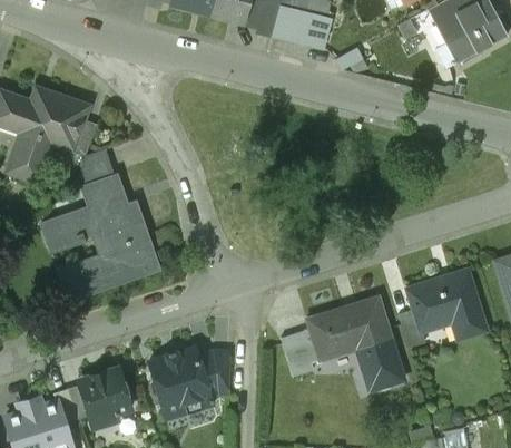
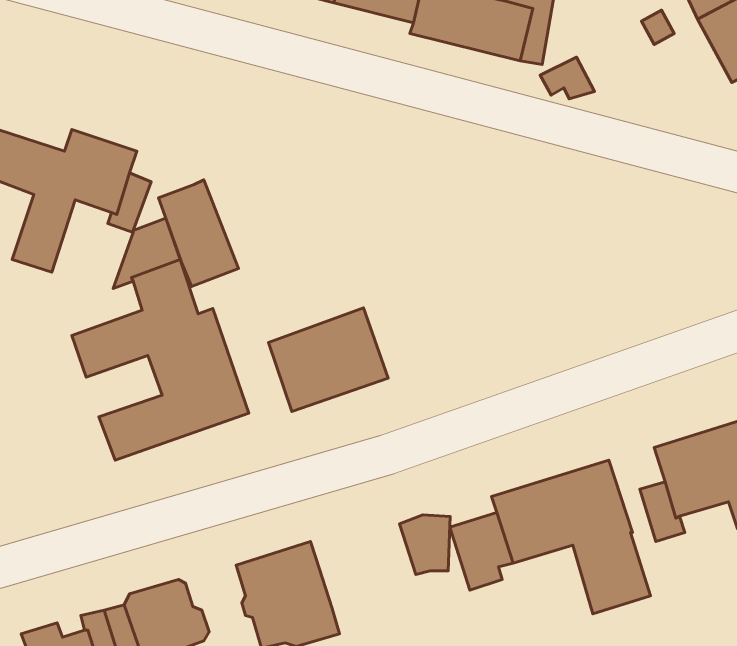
building: none -> [159,180,238,287]
building: none -> [269,308,388,412]
building: [198,351,229,388] -> [399,515,450,574]

